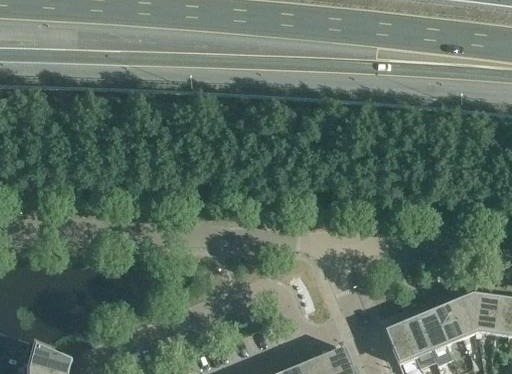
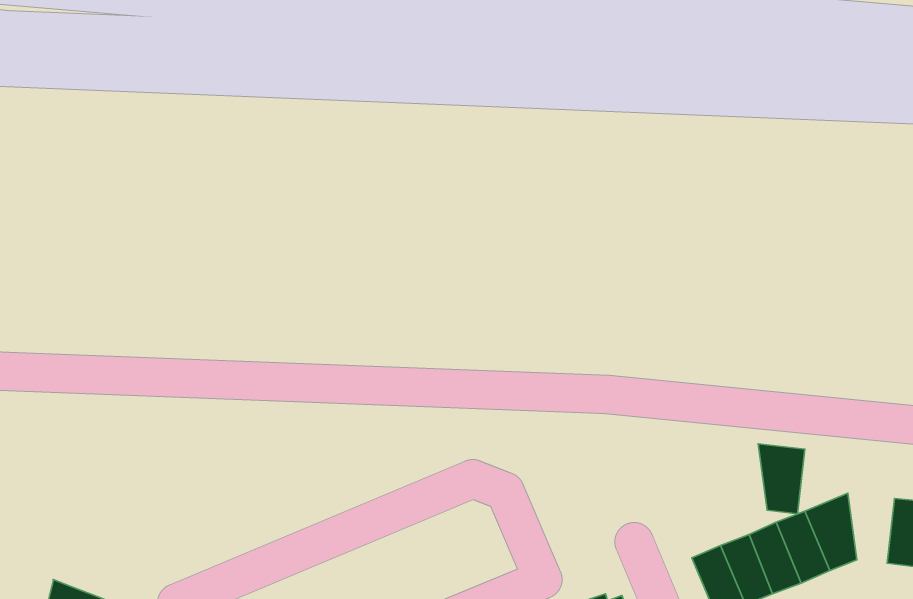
building: [473,293,499,332] -> [758,444,805,514]

